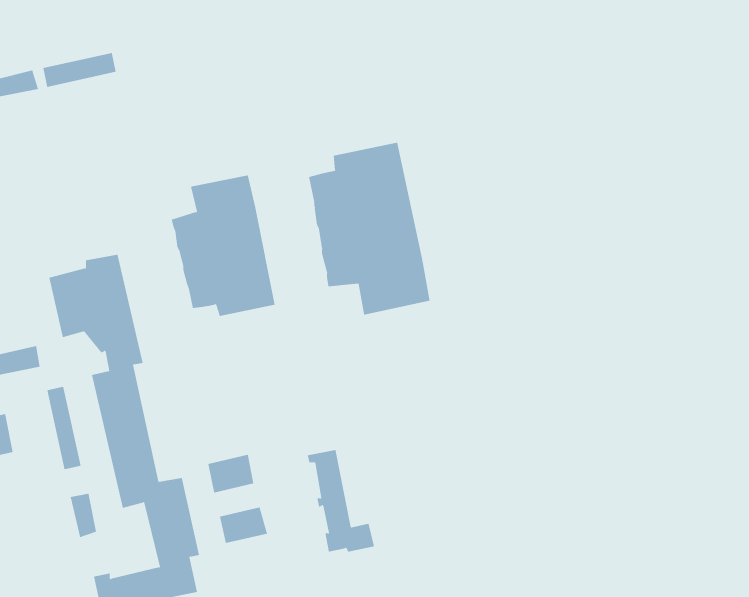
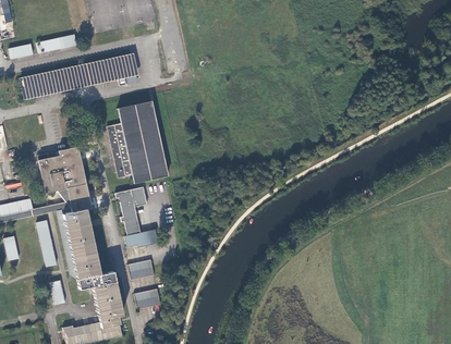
building: none -> [20,50,135,100]
building: [308,142,430,315] -> none
building: [307,449,375,552] -> [114,188,153,246]

